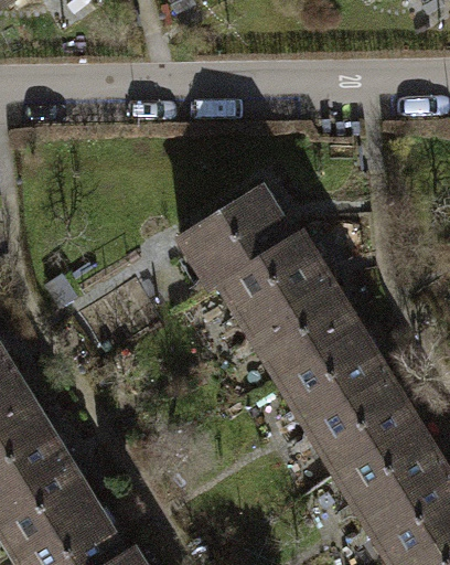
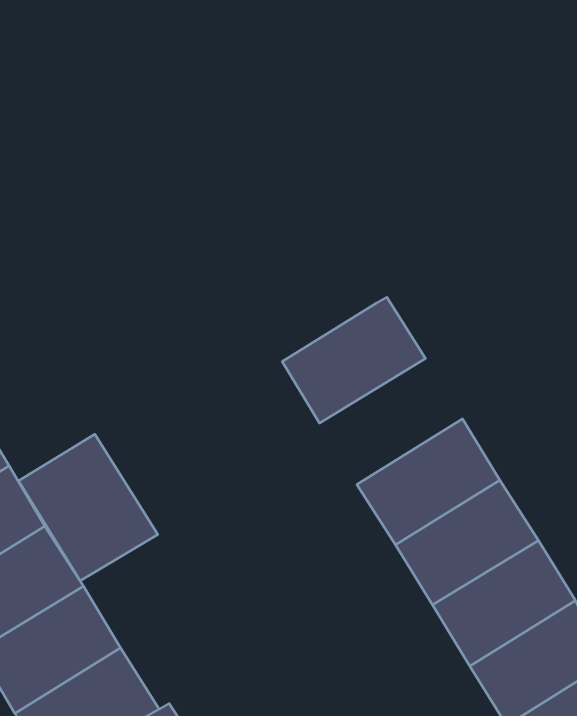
building: [181,189,293,290] -> none
building: [249,282,360,380] -> none
building: none -> [18,434,158,581]

